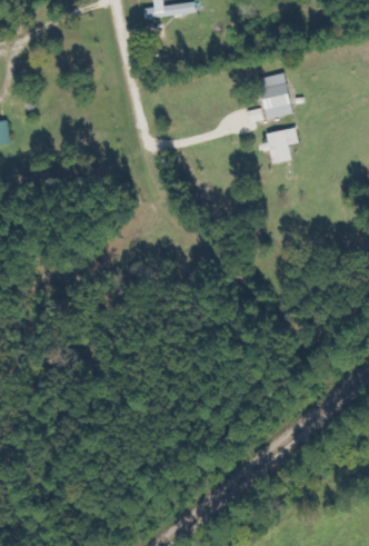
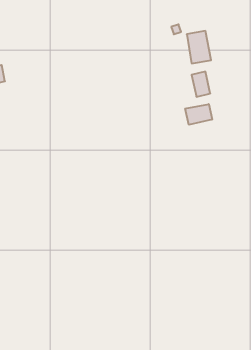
building: none -> [185,104,212,125]

